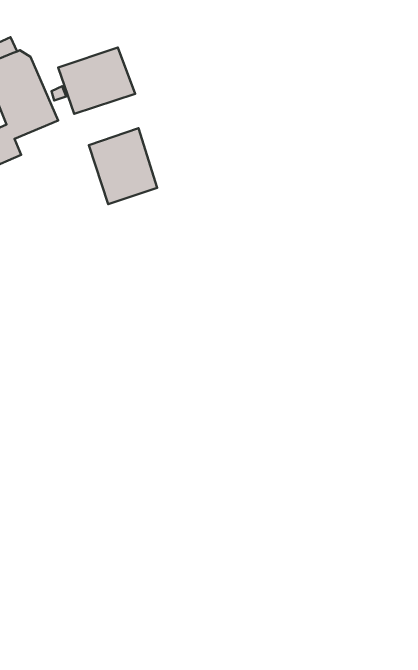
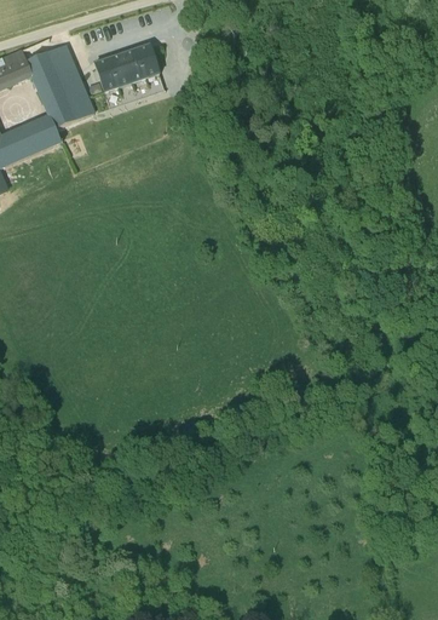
building: [89,128,157,204] -> none

